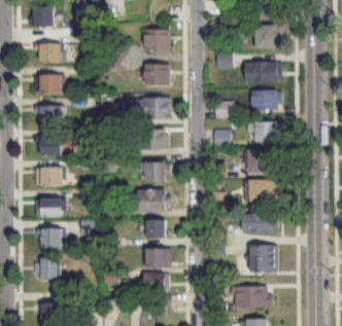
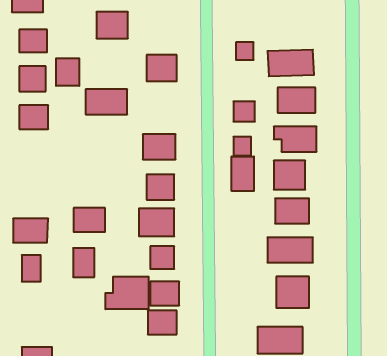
building: [254,25,277,49] -> none
building: [143,28,169,49] -> [96,12,128,38]
building: none -> [56,58,79,86]
building: [136,98,170,118] -> [86,89,127,114]
building: [40,136,64,155] -> none
building: none -> [232,156,254,191]
building: [37,167,63,186] -> [74,208,105,232]
building: none -> [105,277,149,309]
building: [41,257,59,281] -> [73,248,94,277]

